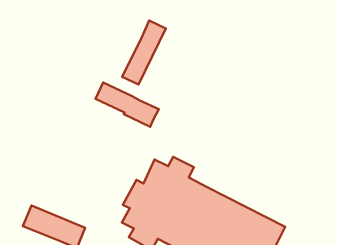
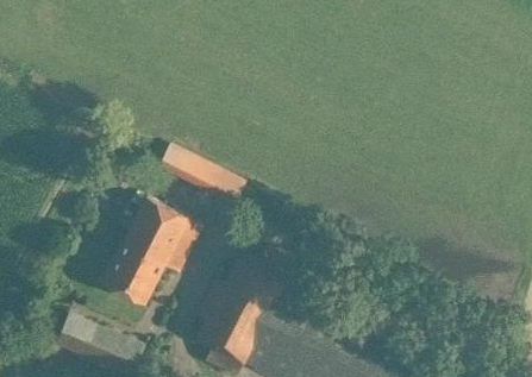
building: [122,21,166,85] -> none
building: none -> [104,197,202,304]

